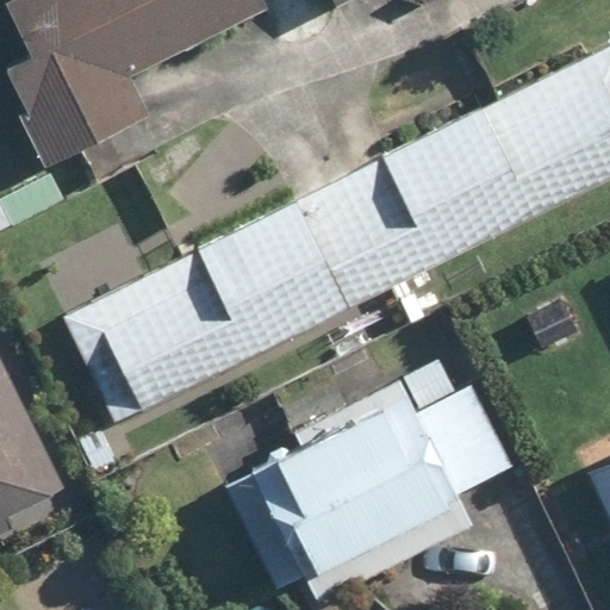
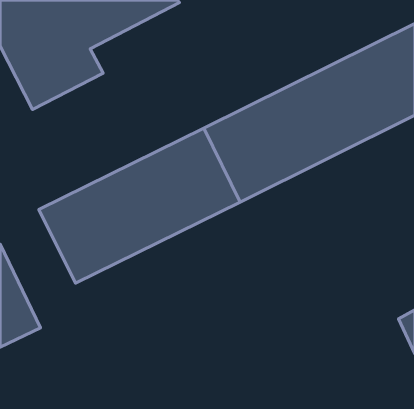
building: [261,359,518,574] -> none

